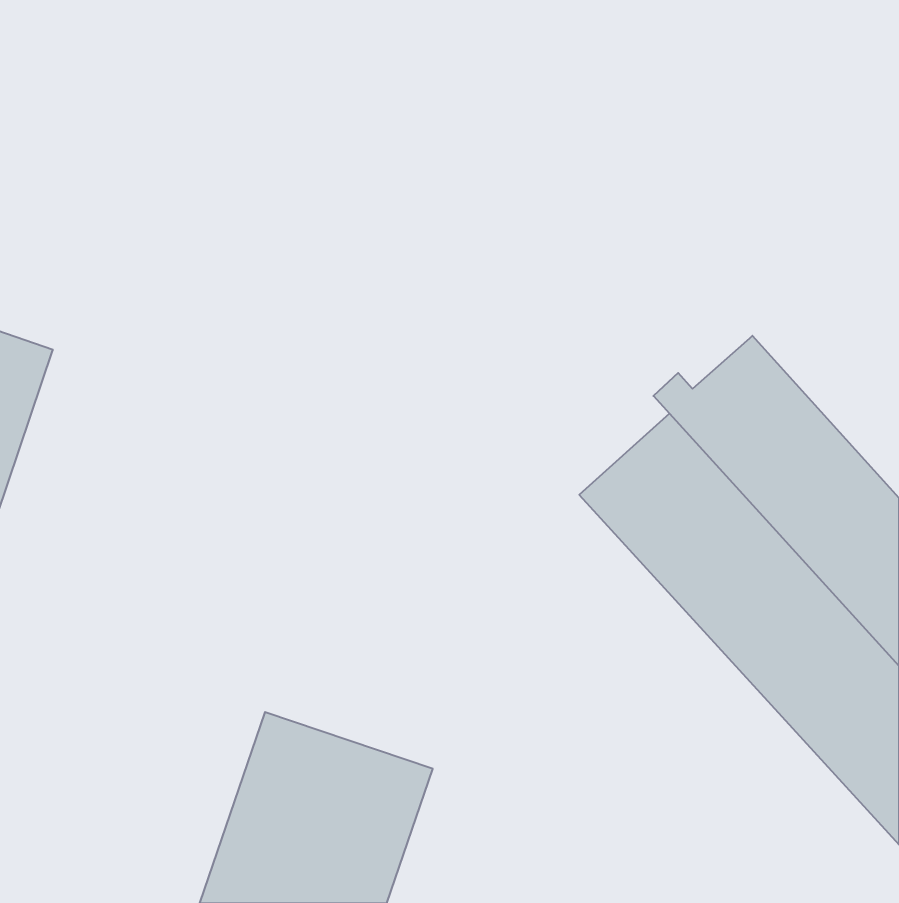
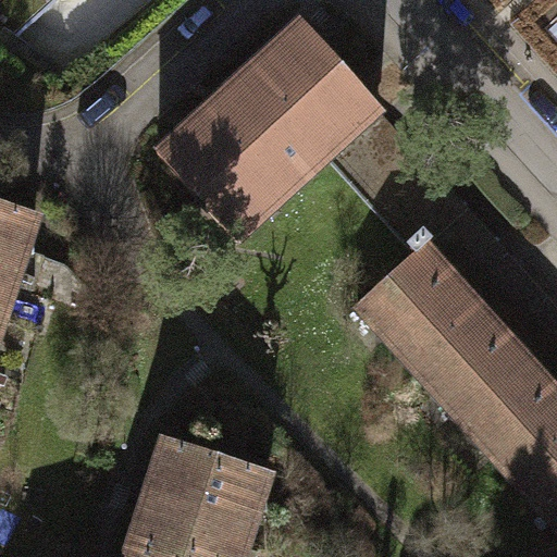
building: none -> [157,29,375,240]

